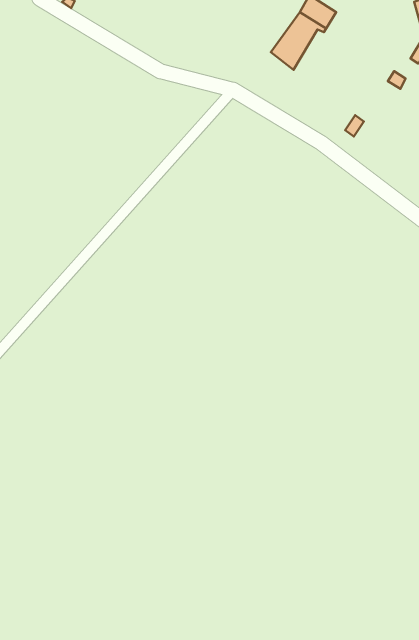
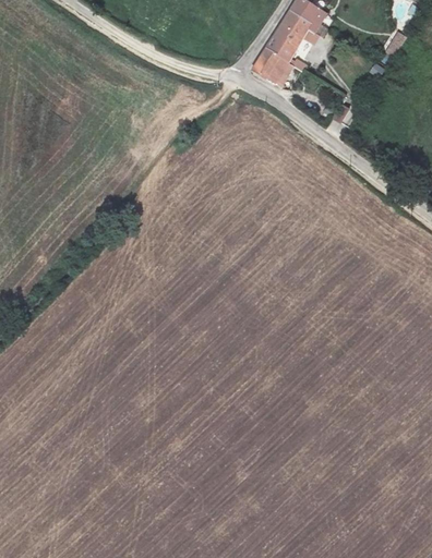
building: none -> [252,46,287,84]

